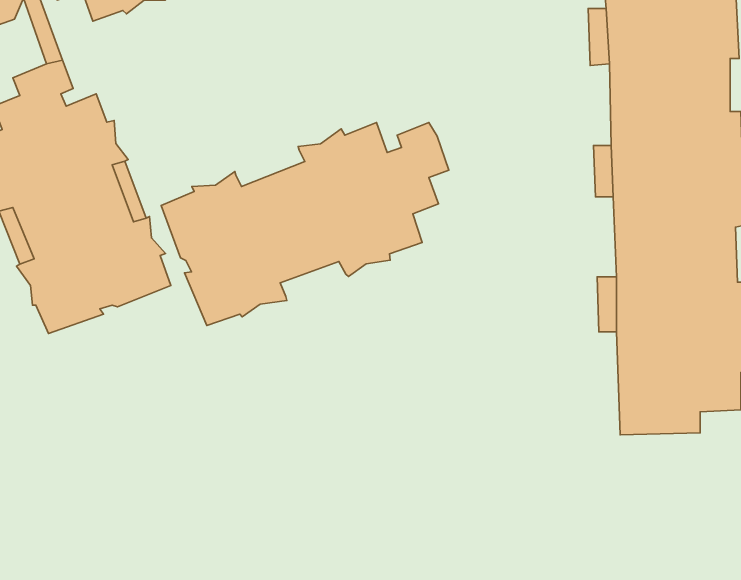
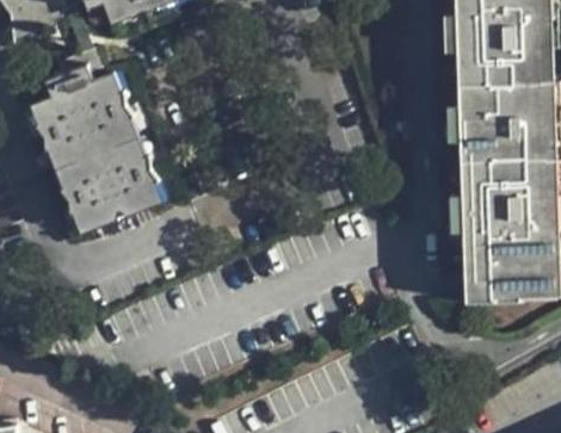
building: [161,122,449,325] -> none

